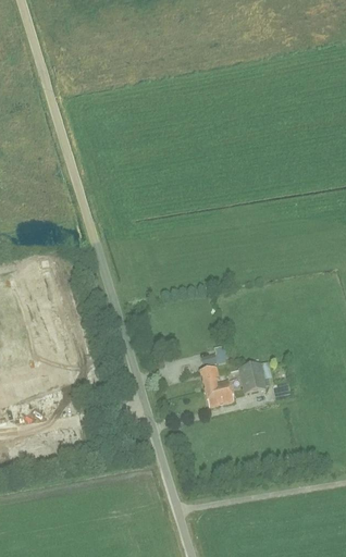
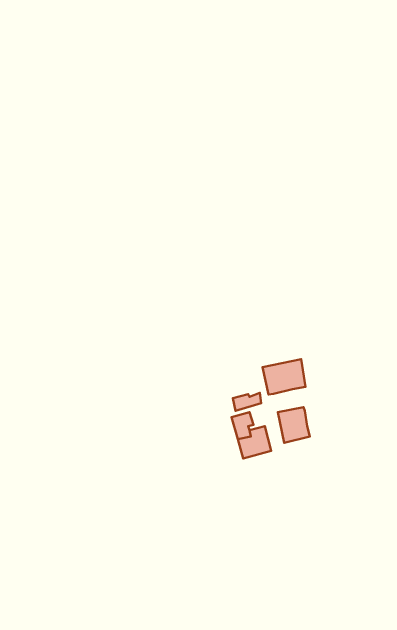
building: none -> [263,359,306,394]

